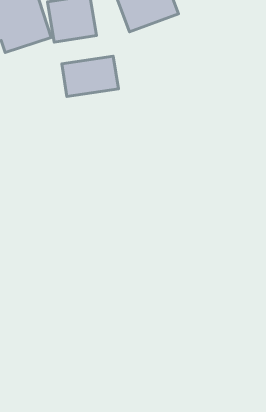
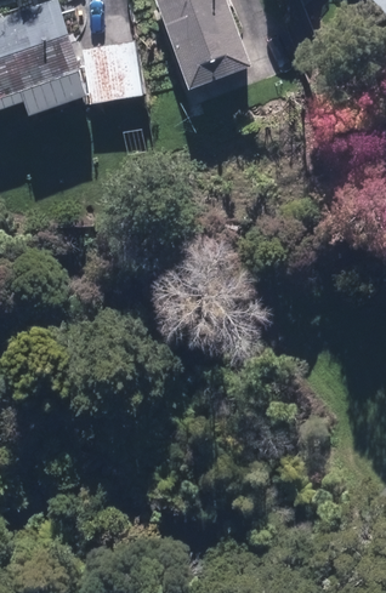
building: [62,56,118,97] -> none

